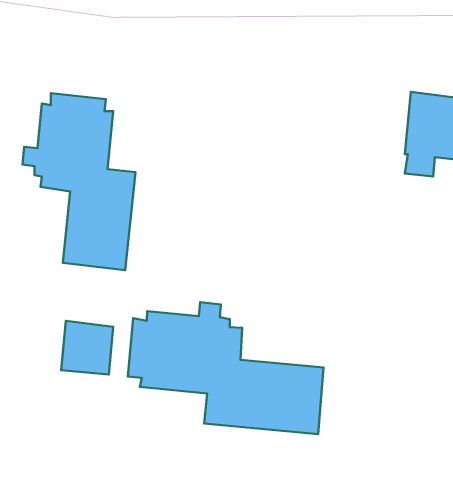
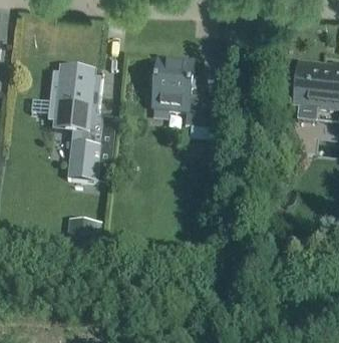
building: none -> [151,59,227,131]
building: [128,302,323,434] -> none

